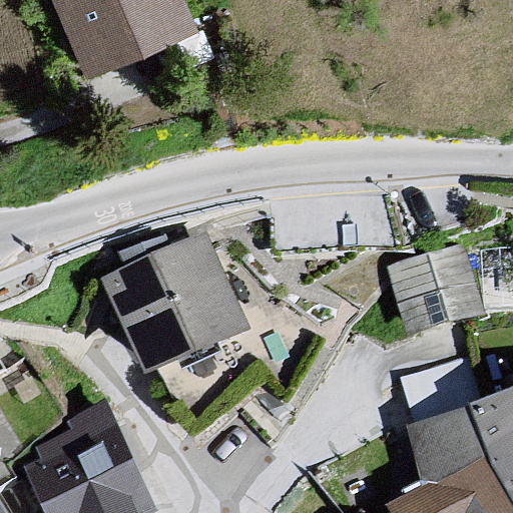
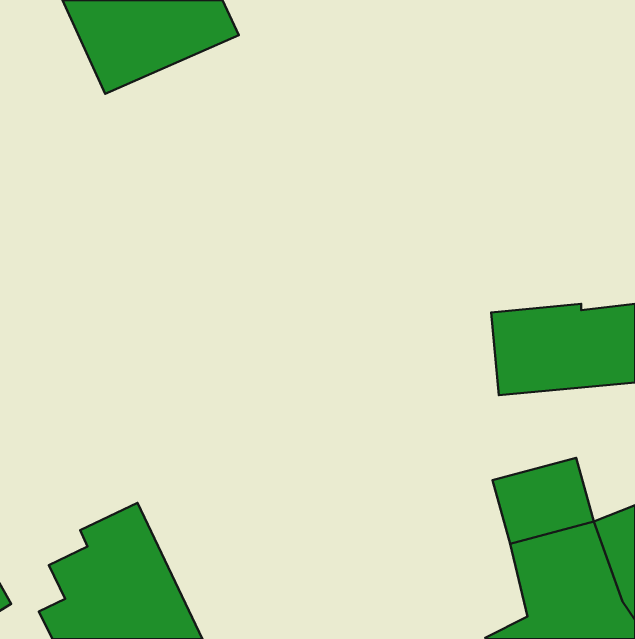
building: [106,240,256,392] -> none

